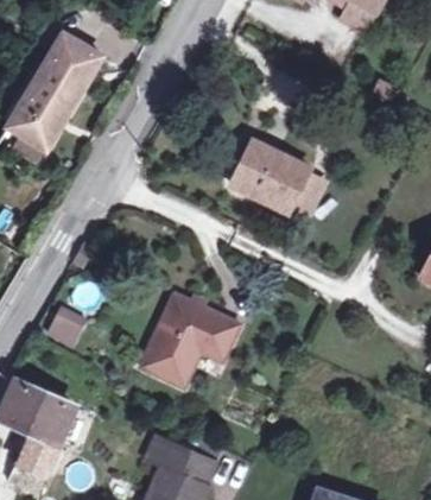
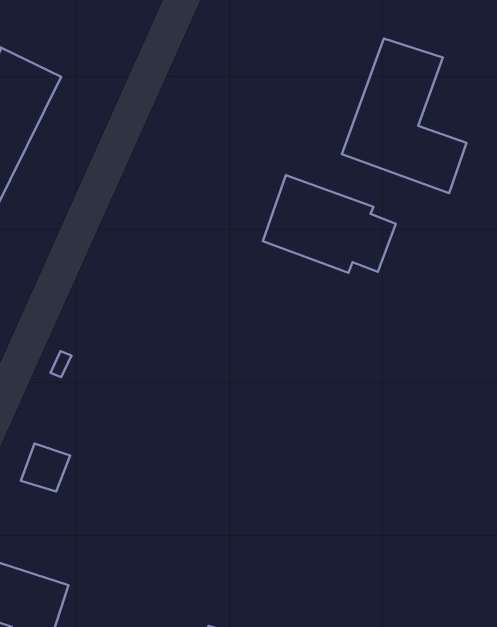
building: none -> [342,39,466,193]
building: [140,293,239,386] -> none

